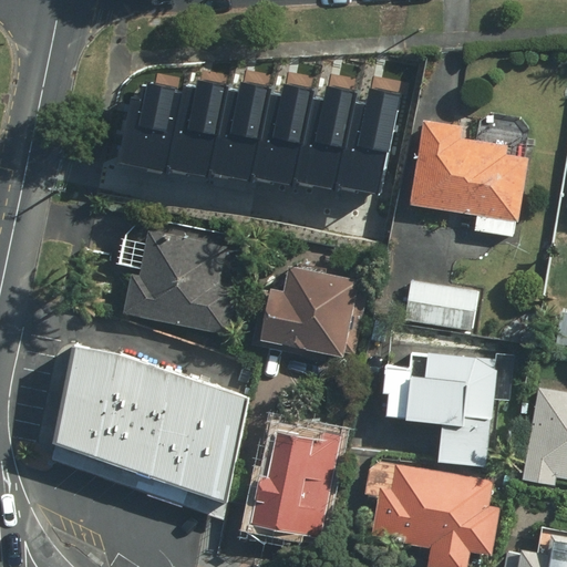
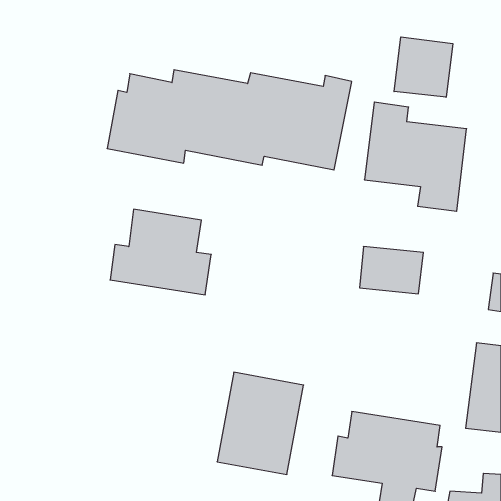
building: none -> [394,37,453,97]
building: [251,262,360,359] -> none
building: [55,348,247,504] -> none
building: [381,353,517,464] -> none

